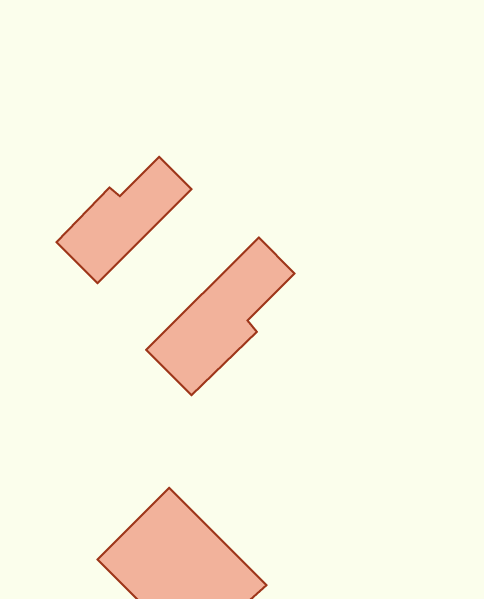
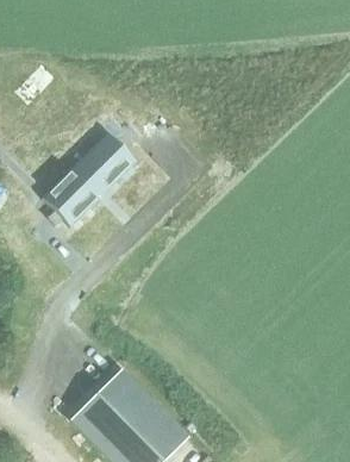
building: [146,238,295,395] -> none

